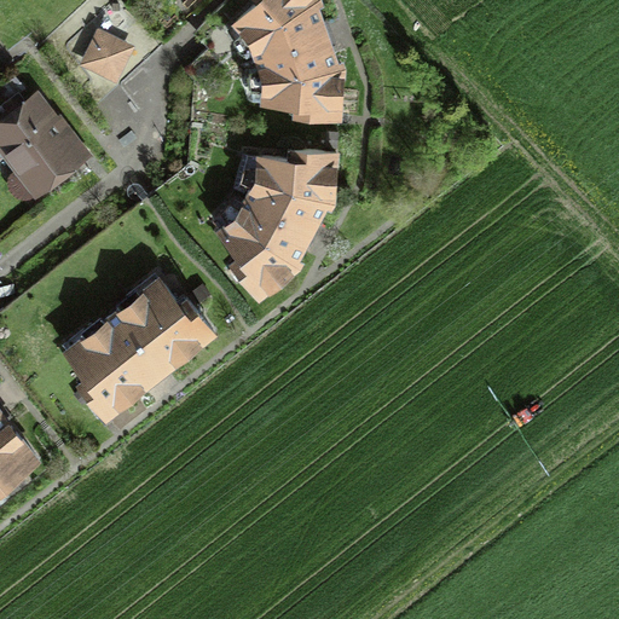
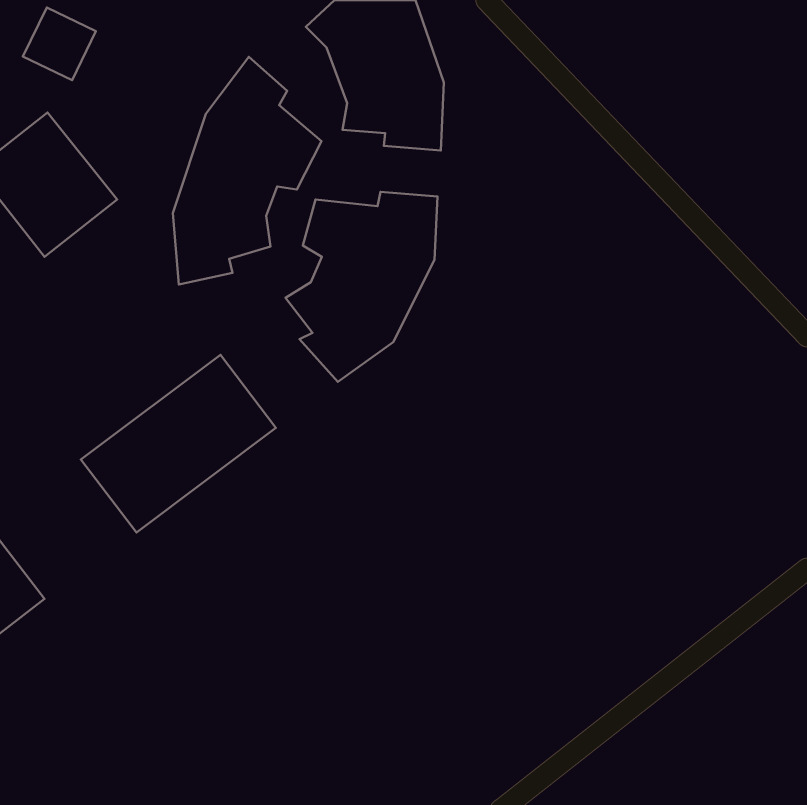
building: [77,29,133,85] -> [23,7,96,80]
building: none -> [173,57,322,285]

